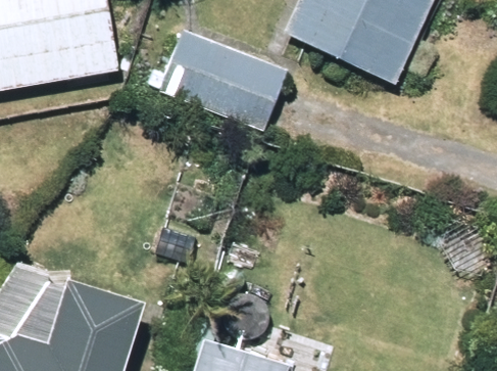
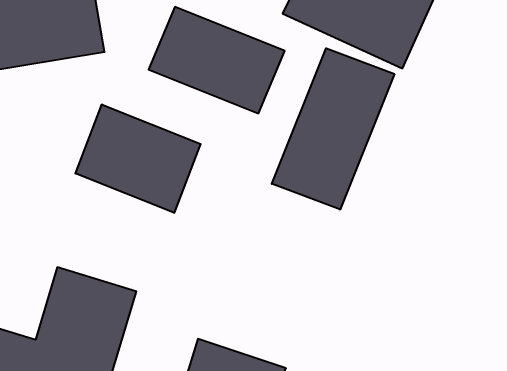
building: none -> [272,48,394,210]
building: none -> [75,104,201,213]

